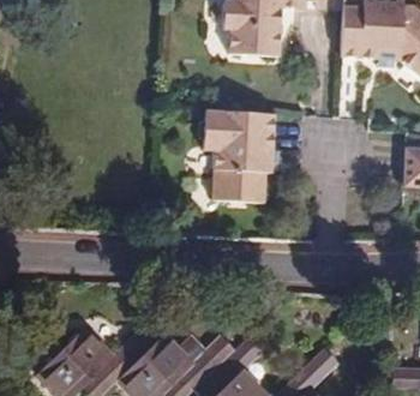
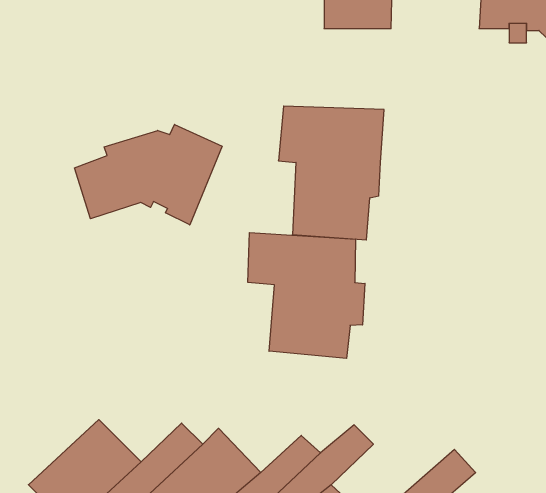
building: none -> [75,124,222,225]
building: none -> [248,233,365,358]

